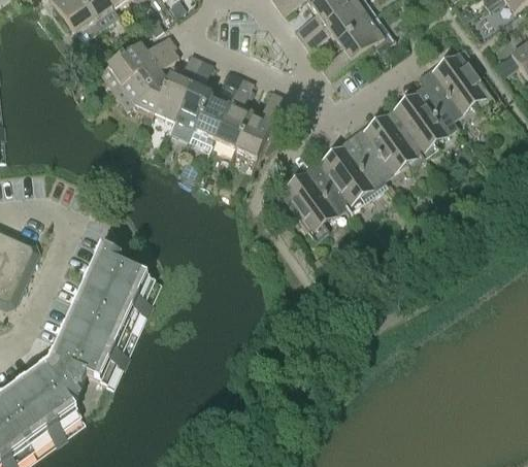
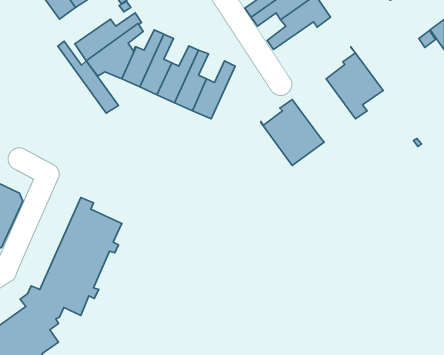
building: [418,49,493,124] -> none
building: none -> [58,41,118,113]
building: [350,110,423,177] -> none
building: [278,161,350,239] -> none

